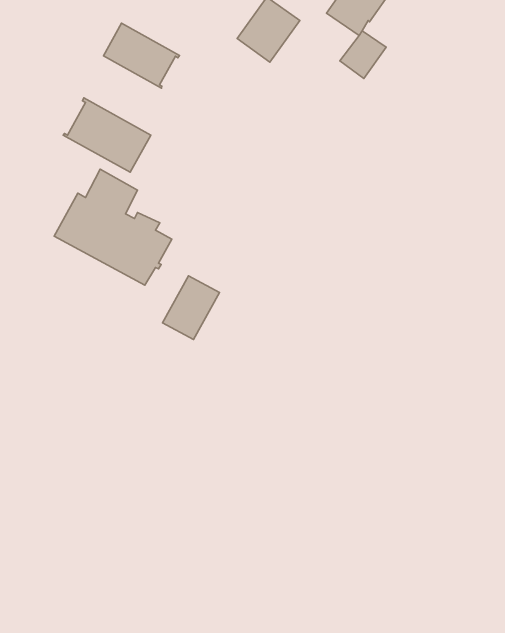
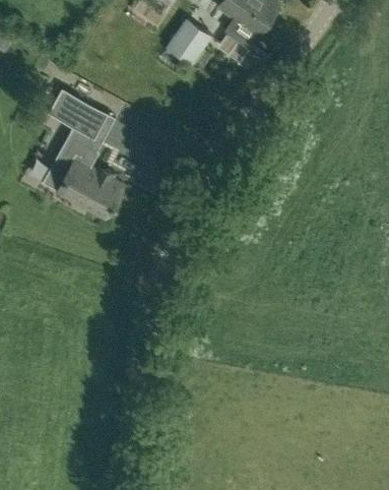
building: [104,23,179,88] -> none
building: [162,276,220,340] -> none

